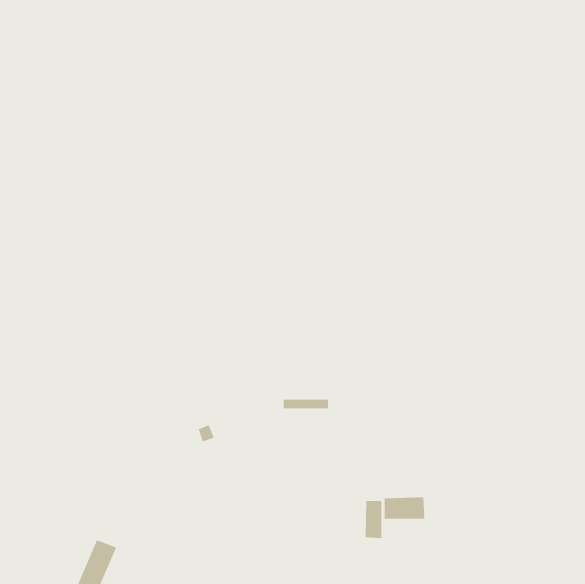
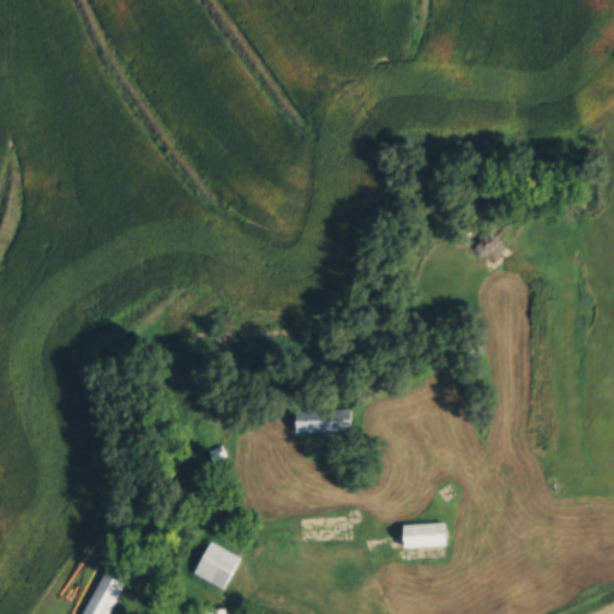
building: [365,500,382,539] -> none
building: none -> [192,541,240,590]

